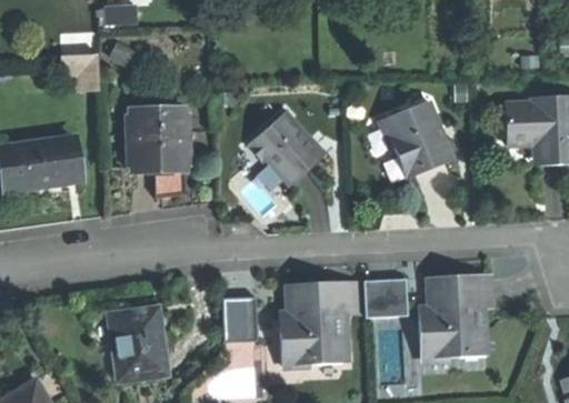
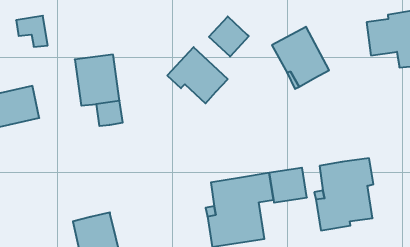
building: none -> [209,16,249,57]
building: [220,295,254,337] -> none

